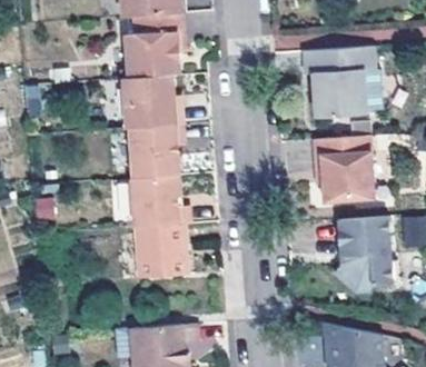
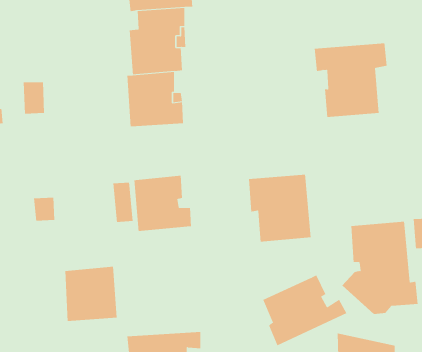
building: [128,123,181,178] -> none
building: [315,136,376,201] -> [248,174,312,242]
building: [135,224,186,277] -> [65,266,117,321]
building: none -> [263,274,347,346]

